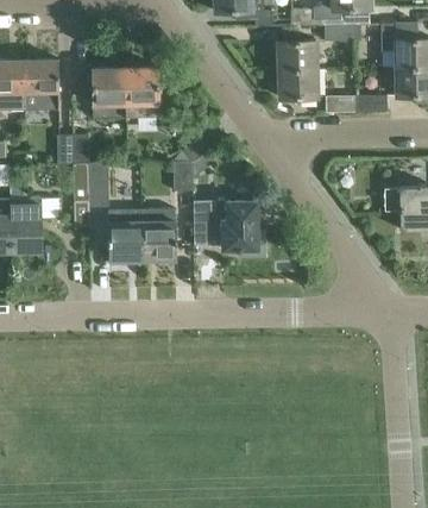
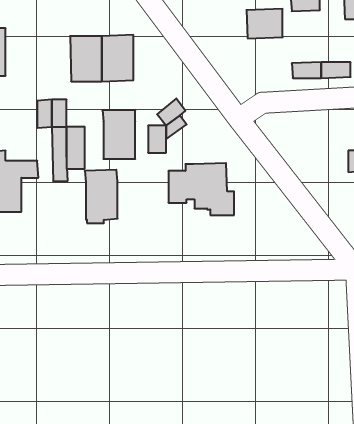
building: [24,59,58,109] -> none
building: [278,69,316,98] -> none
building: [140,208,175,259] -> [102,110,135,159]

